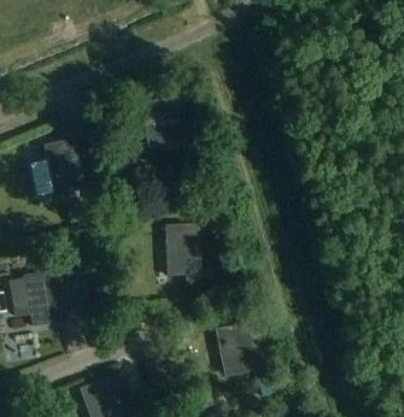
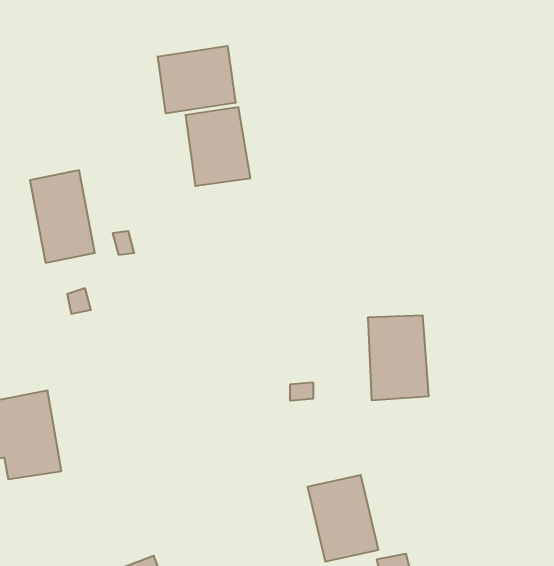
building: none -> [158,46,236,113]
building: [163,225,200,277] -> [368,316,429,400]

